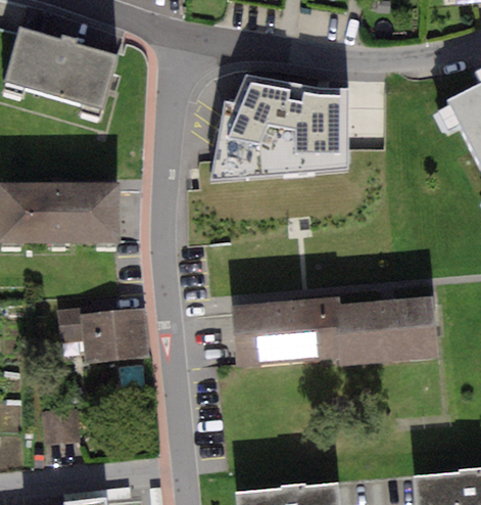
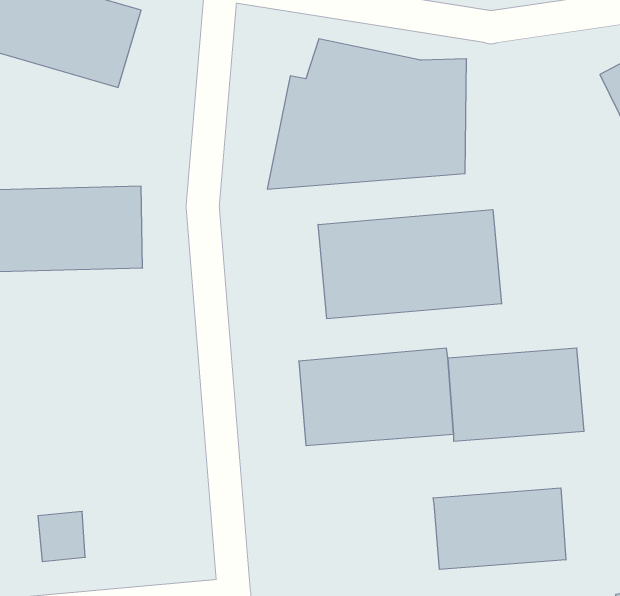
building: none -> [318,210,501,319]
building: [57,308,150,363] -> none
building: none -> [433,488,566,569]

